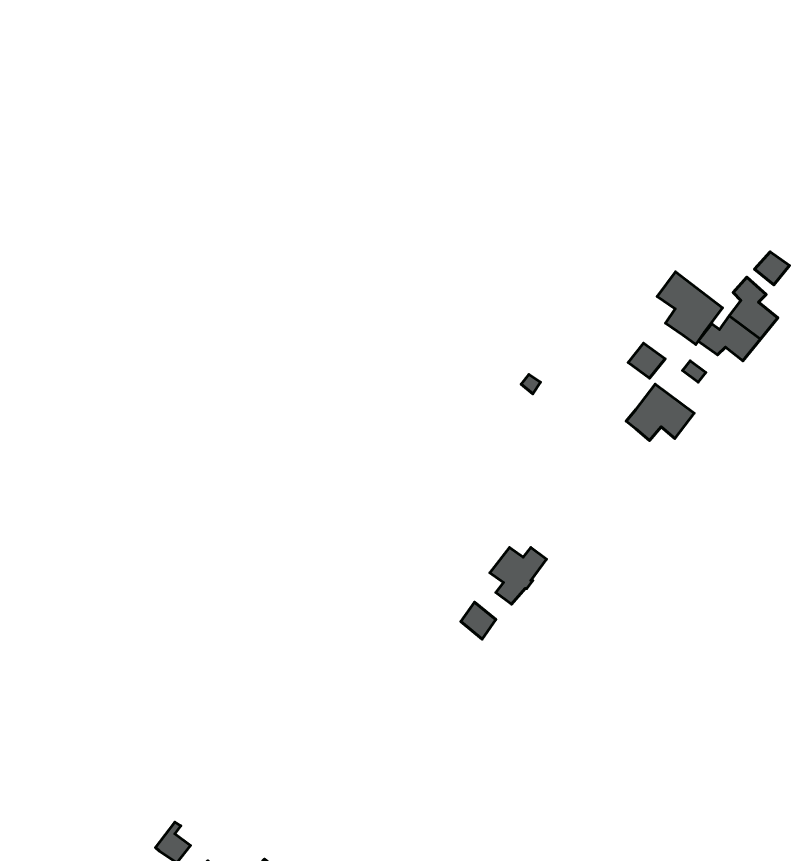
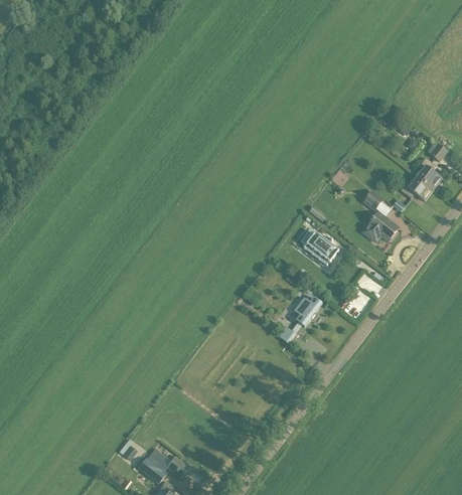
building: [657,272,723,345] -> none
building: none -> [306,231,338,261]

